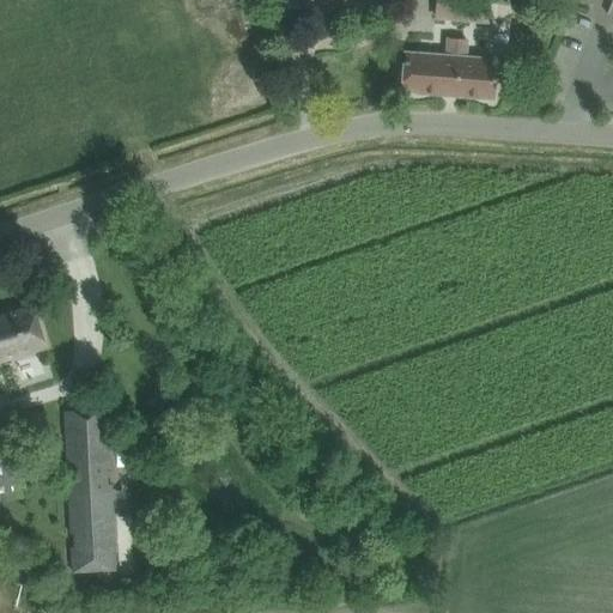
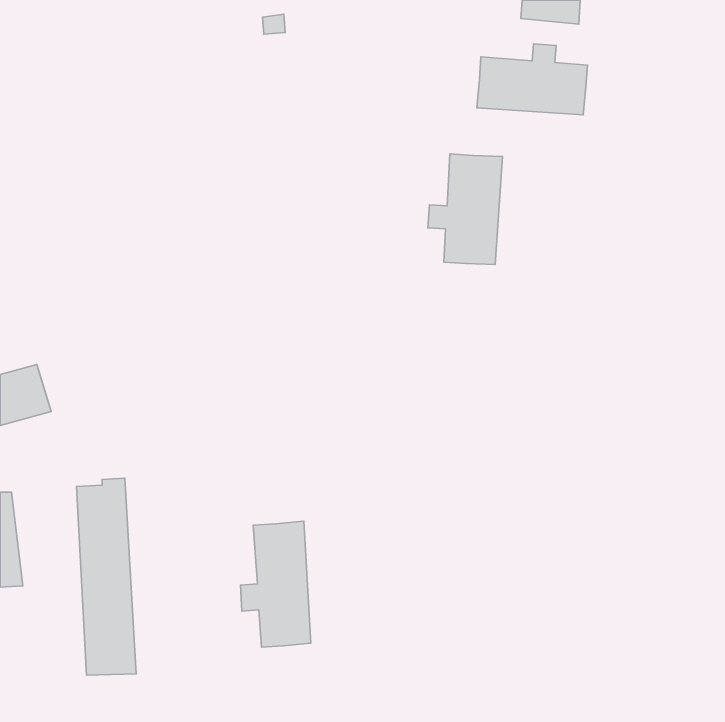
building: none -> [428,154,502,265]
building: none -> [241,521,311,647]

